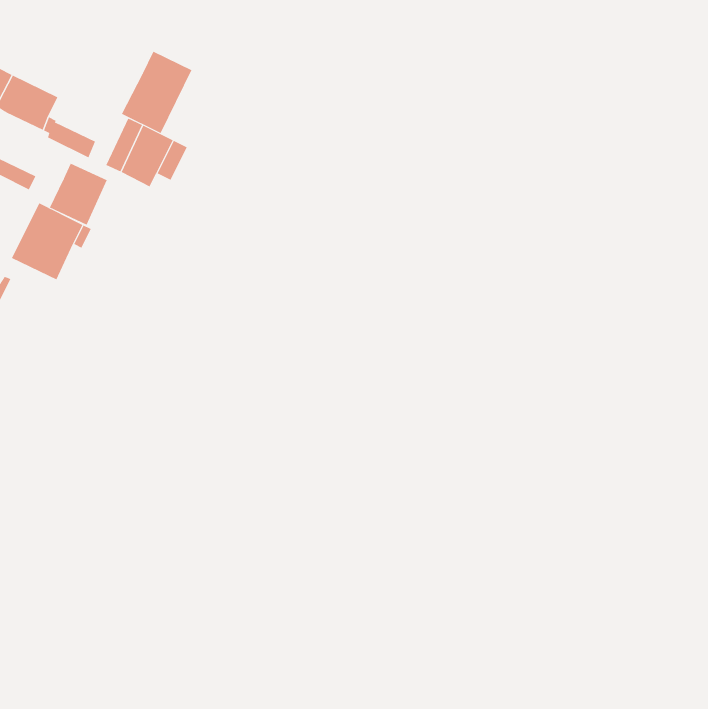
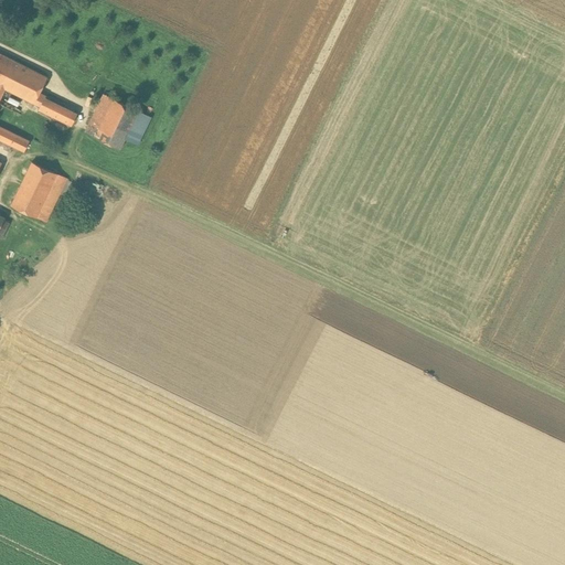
building: [121,51,192,134] -> none
building: [49,163,108,225] -> none

